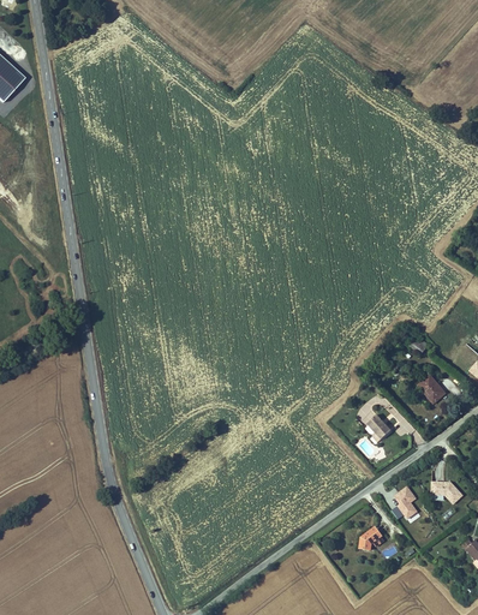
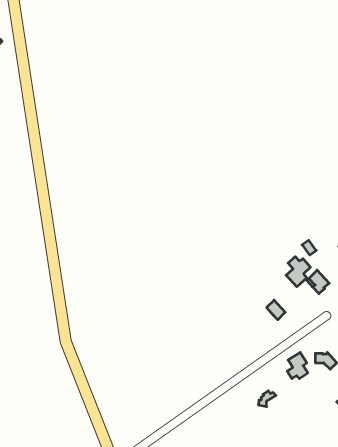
building: none -> [286,257,310,287]

